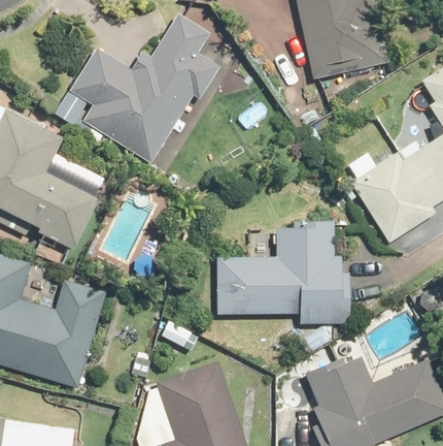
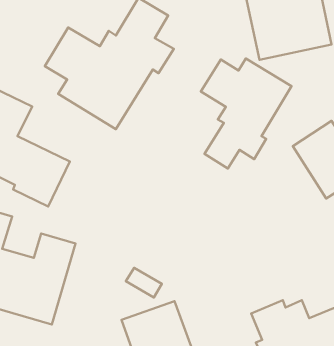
building: none -> [201,58,292,168]
building: [216,222,349,325] -> none

